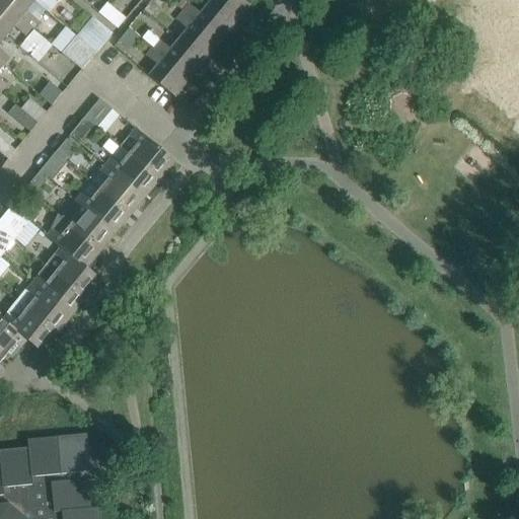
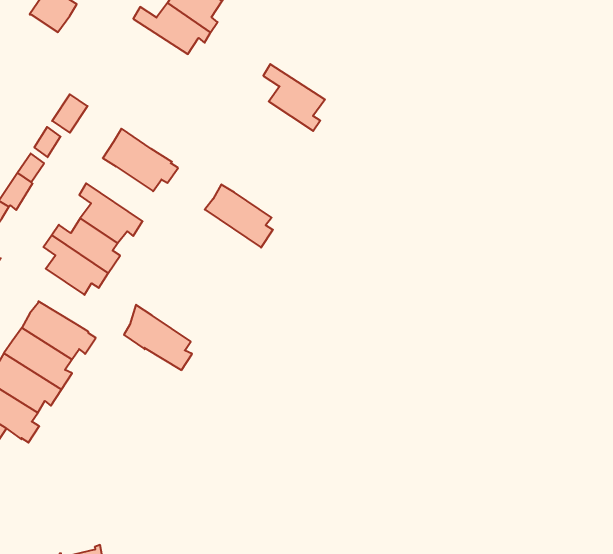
building: [63,35,95,68] -> none
building: [146,47,190,99] -> [263,64,325,131]
building: [104,147,153,197] -> [205,184,273,248]
building: [46,215,94,267] -> [124,305,192,370]

